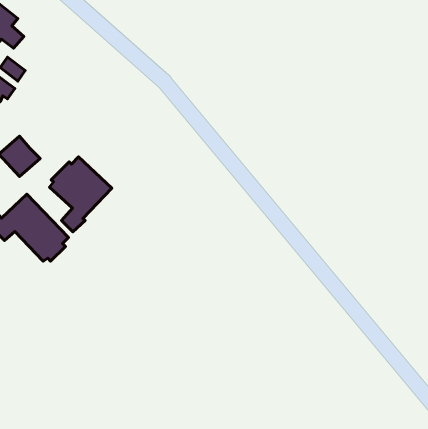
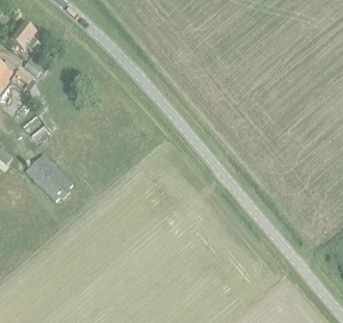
building: [50,157,112,232] -> none

